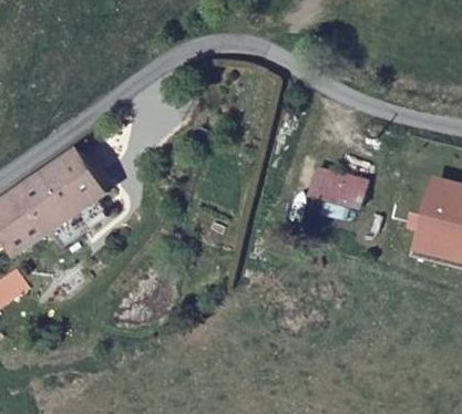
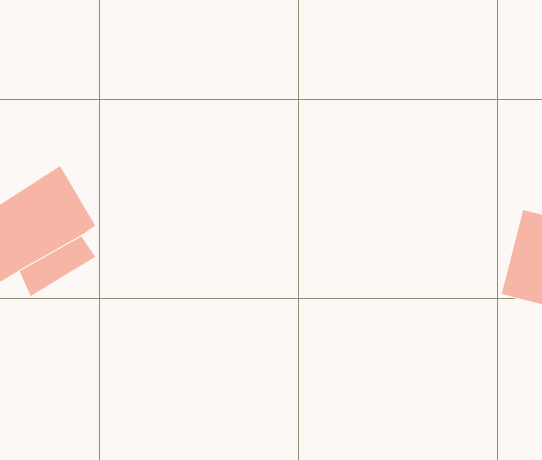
building: [310,165,363,206] -> none

